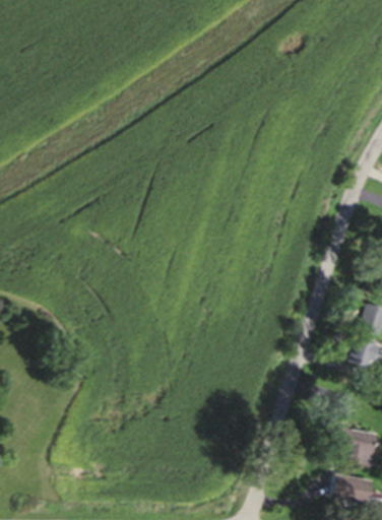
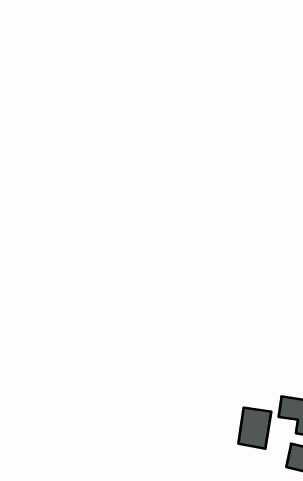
building: none -> [239,408,271,449]

